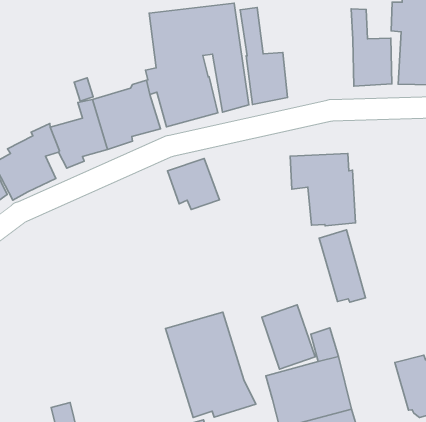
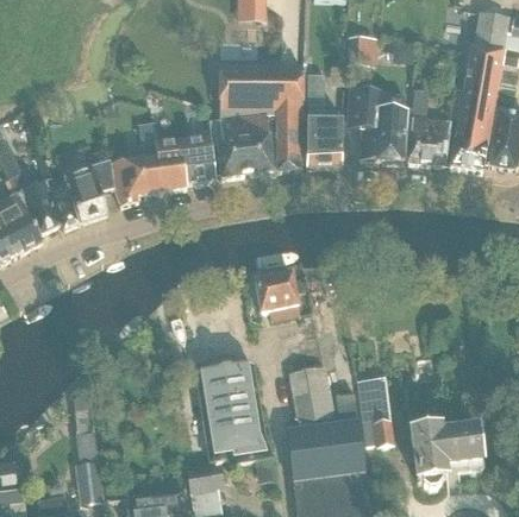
building: [290,154,356,226] -> [346,88,407,160]
building: [167,159,219,210] -> [255,270,301,317]
building: [319,230,365,302] -> [357,374,394,445]

